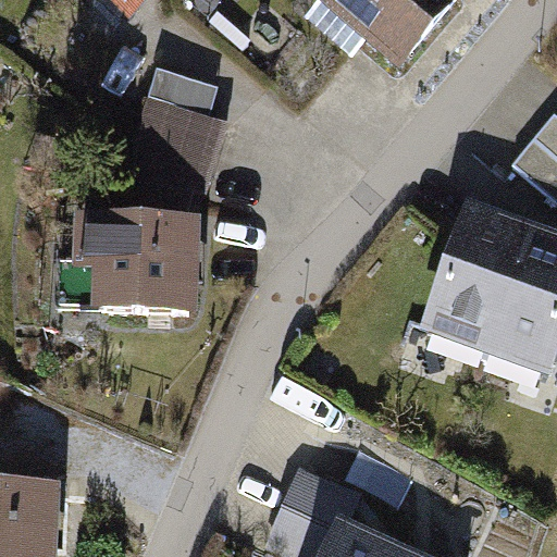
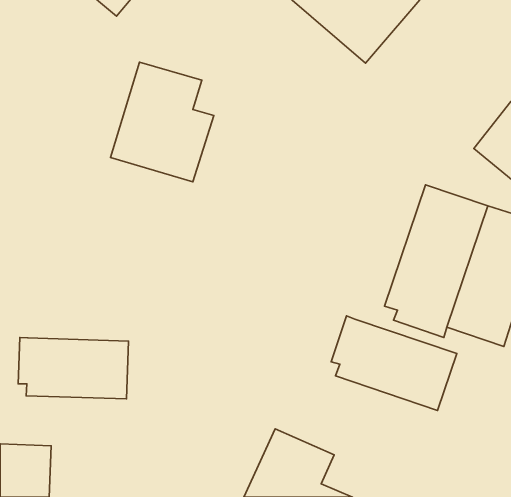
building: [70,215,199,319] -> none
building: none -> [331,316,457,410]
building: none -> [18,337,128,399]

